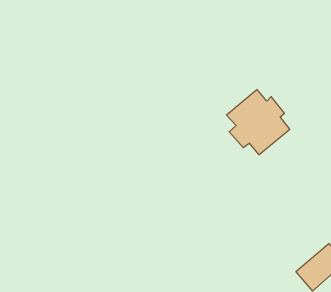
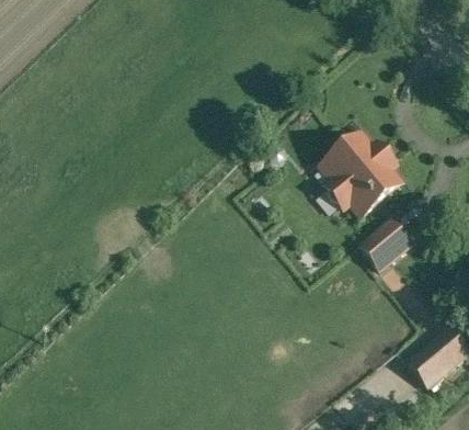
building: none -> [359,219,410,269]

